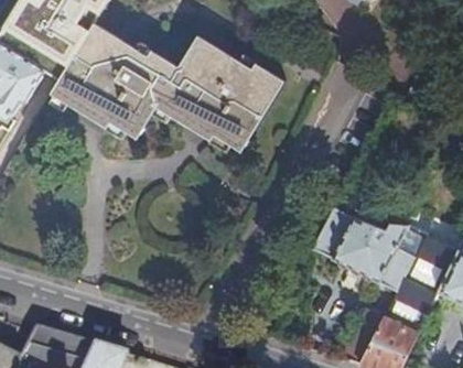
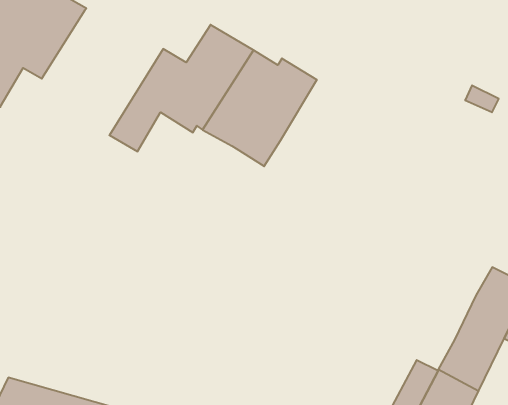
building: [52,24,160,129] -> none
building: [315,210,416,294] -> none

